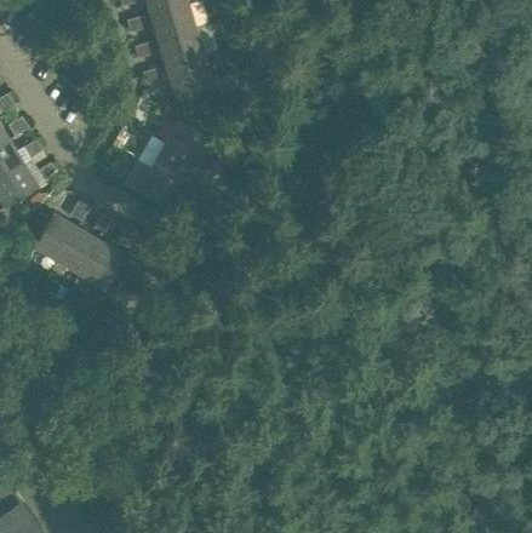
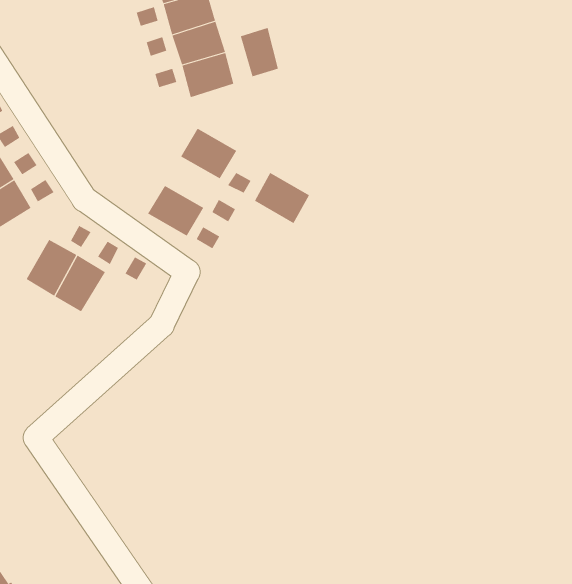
building: none -> [240,27,279,77]
building: [148,142,195,185] -> [254,172,310,224]
building: [78,240,122,288] -> none

